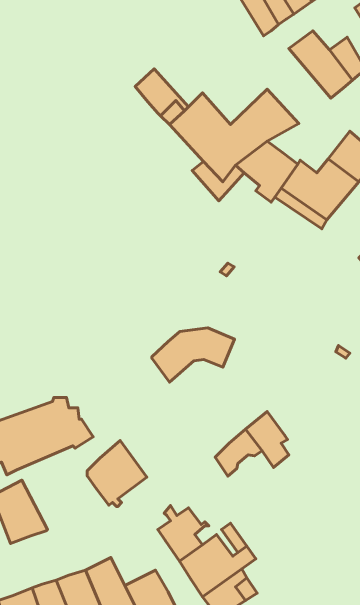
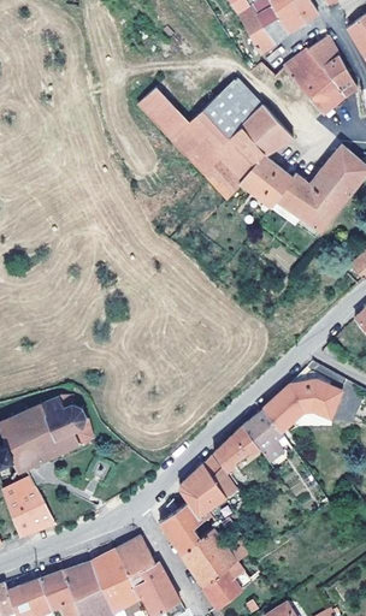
building: none -> [307,36,340,67]
building: none -> [202,78,264,138]
building: [152,328,234,382] -> [264,381,342,433]
building: [87,440,147,506] -> [181,456,237,519]
building: none -> [116,535,155,575]

